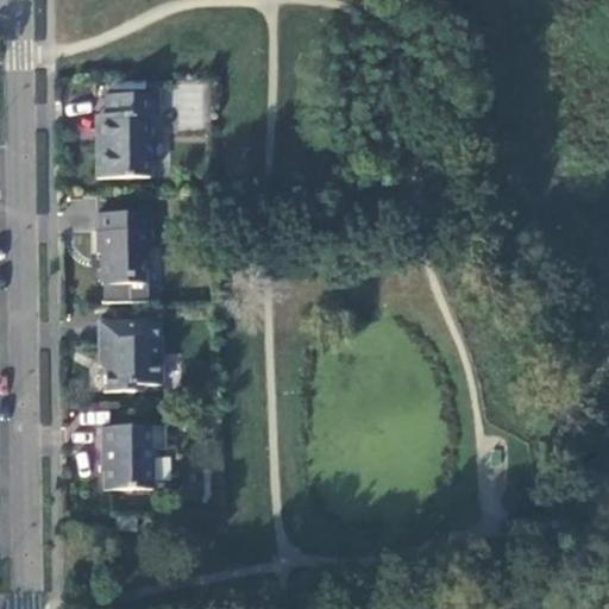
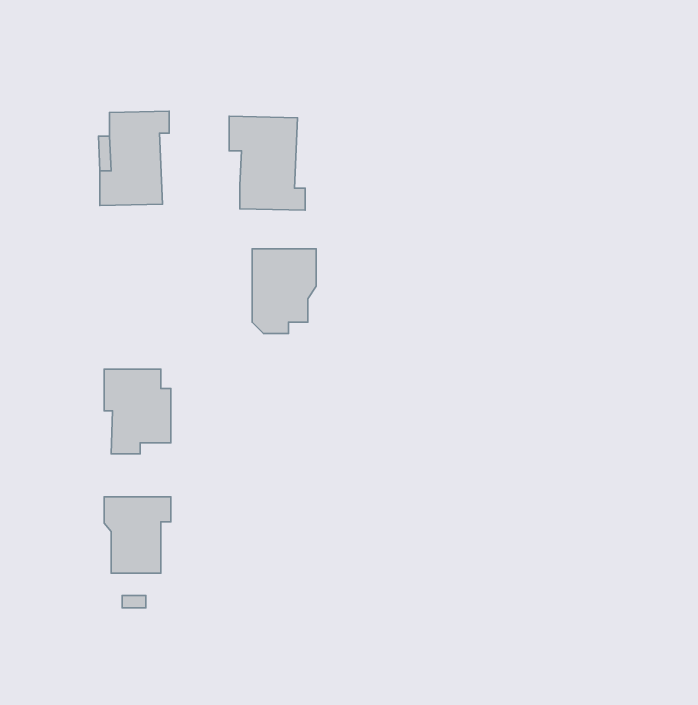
building: none -> [229,116,305,210]
building: [96,213,151,285] -> [252,249,316,333]

